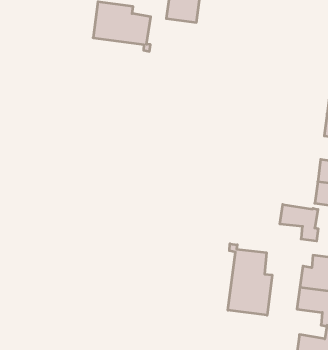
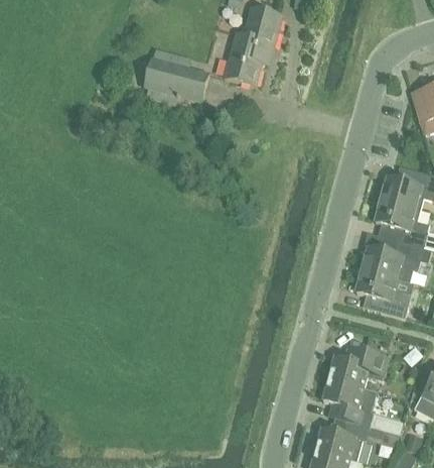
building: [280,204,318,241] -> none
building: [228,244,272,315] -> none

